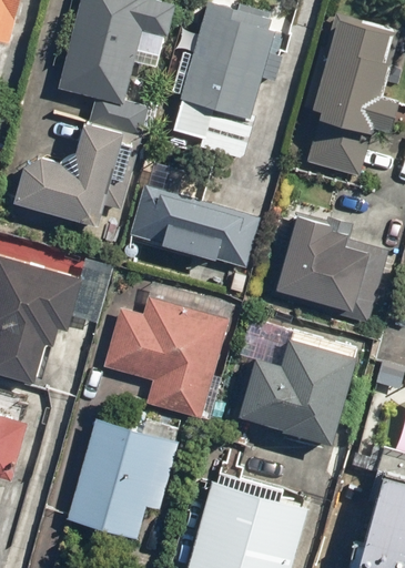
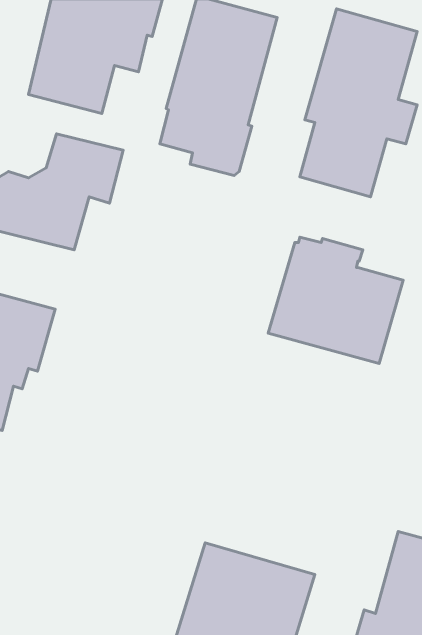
building: [129,184,259,268] -> none
building: [101,295,227,418] -> none
building: [237,322,356,444] -> none
building: [67,419,182,540] -> none

